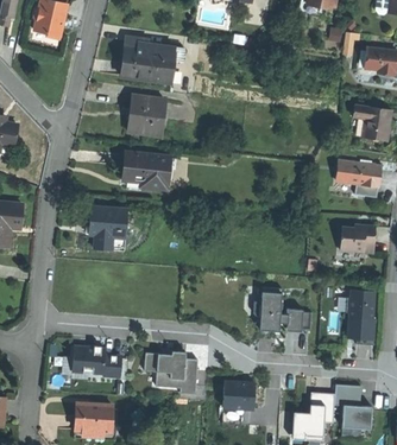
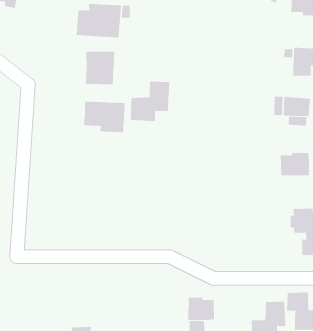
building: none -> [130,81,170,122]
building: [90,205,128,249] -> none
building: [253,286,311,335] -> none
building: [71,345,122,375] -> none
building: [144,350,198,393] -> none

